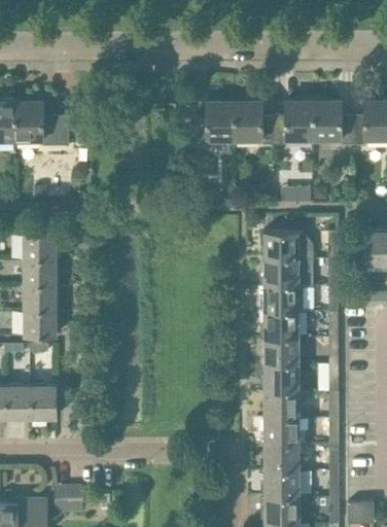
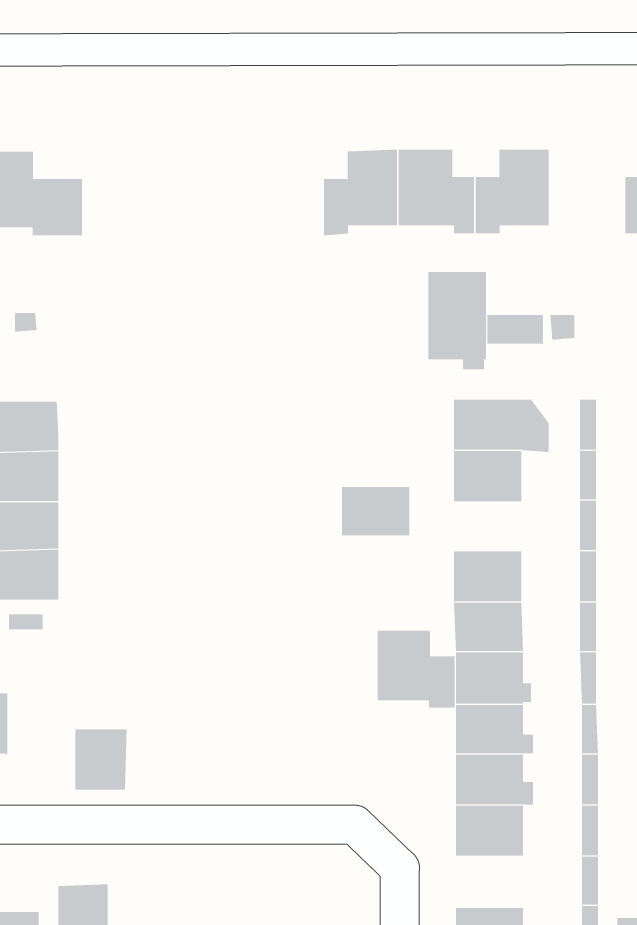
building: [313,101,352,145] -> none
building: none -> [428,271,487,370]
building: [262,285,298,311] -> [341,487,410,536]
building: none -> [377,630,455,708]
building: [30,385,58,417] -> [74,729,128,790]
building: [263,470,300,497] -> none

